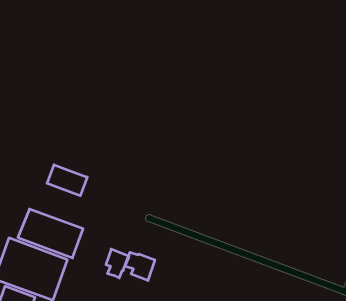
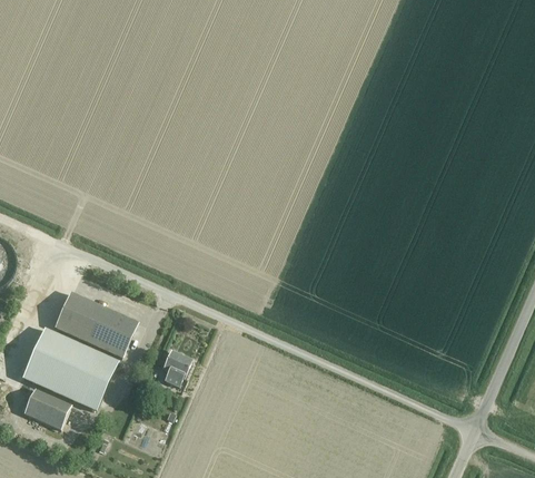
building: [47,165,87,196] -> none
building: [125,252,155,281] -> none

